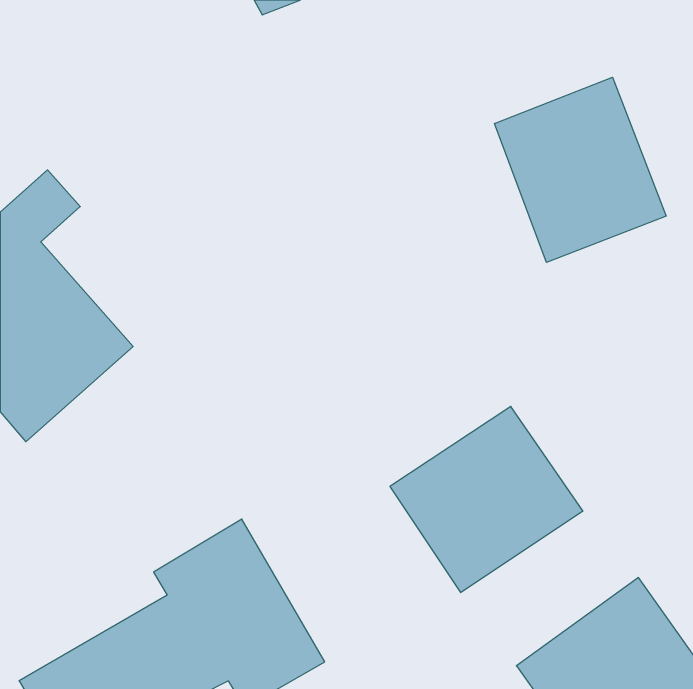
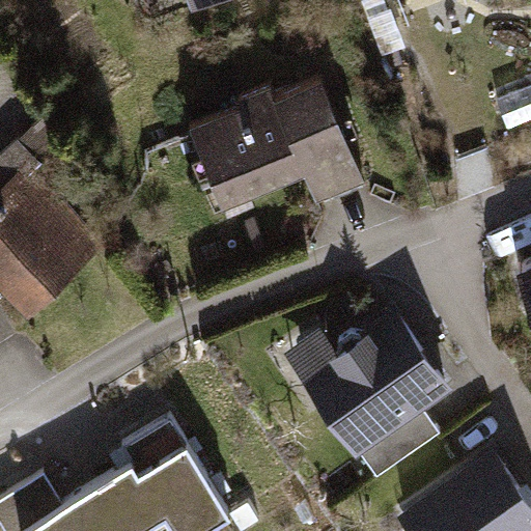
building: [495,77,666,262] -> none
building: none -> [186,82,356,213]

